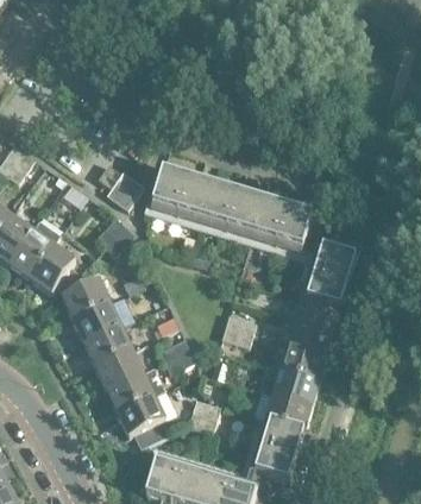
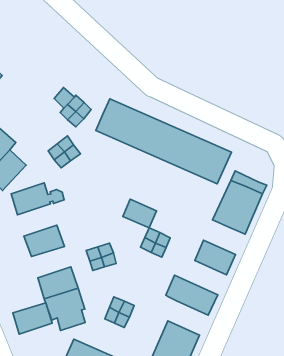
building: none -> [123,199,157,228]
building: [294,295,341,332] -> none
building: [73,301,120,342] -> none
building: [279,345,326,382] -> none
building: [95,348,143,389] -> [13,303,52,334]
building: [252,391,310,431] -> none

